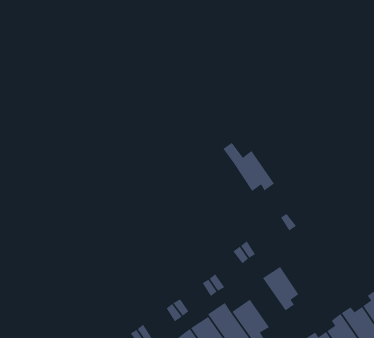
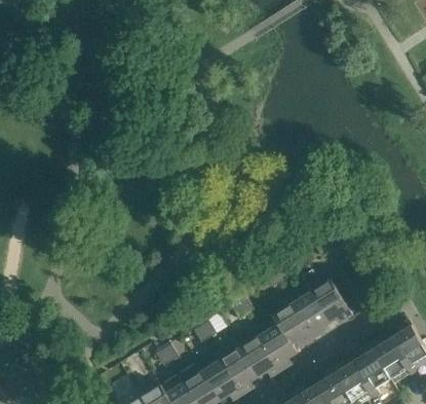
building: [222,142,275,192] -> [301,270,352,322]
building: none -> [273,303,313,354]

